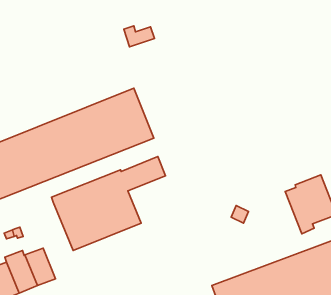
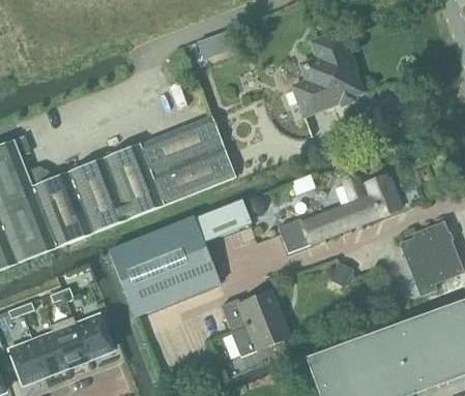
building: none -> [290,29,364,116]
building: none -> [279,173,400,250]
building: none -> [222,291,290,355]

